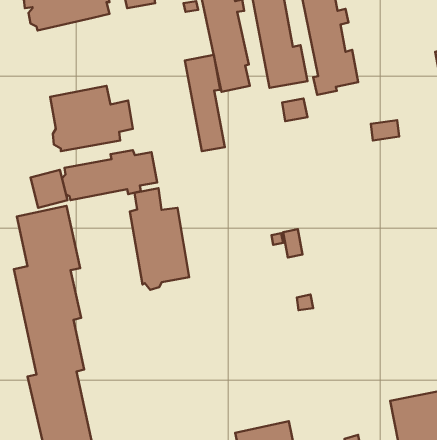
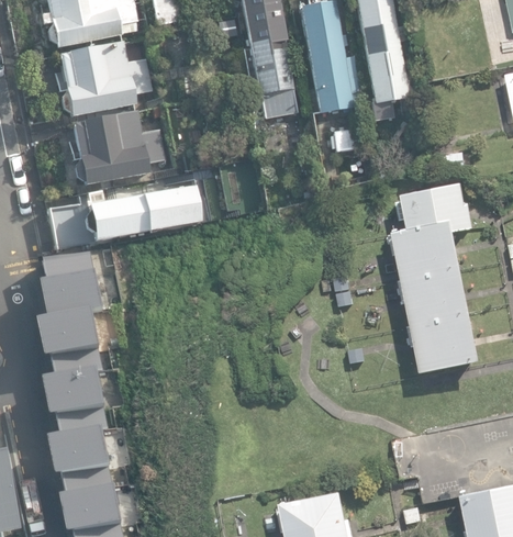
building: none -> [59,42,153,118]
building: [185,55,225,151] -> none
building: none -> [391,181,480,372]
building: [130,188,189,290] -> none

